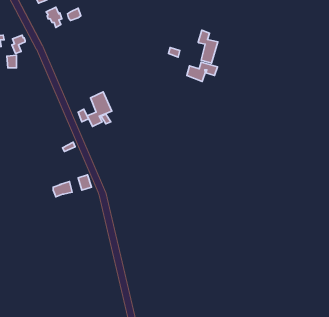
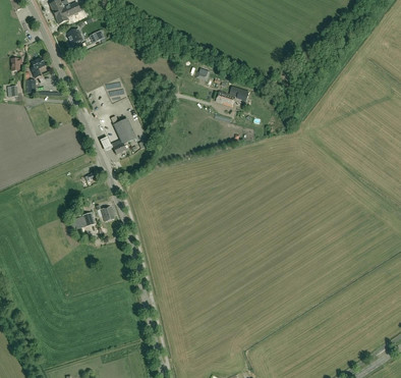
building: [198,30,218,63] -> none

